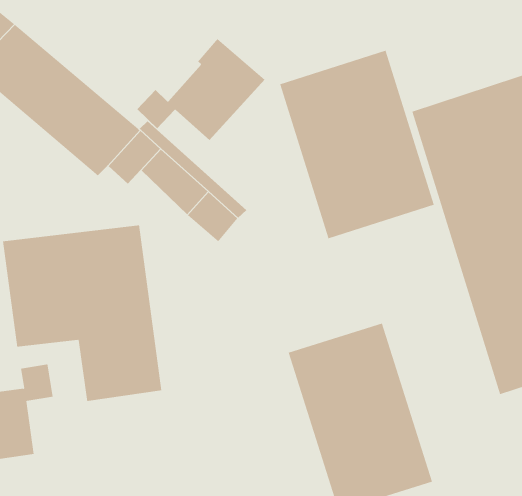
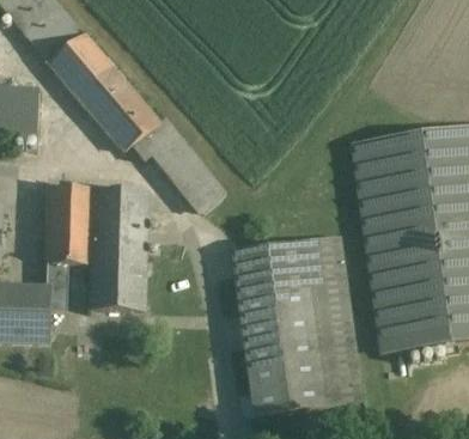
building: [136,38,265,141] -> none
building: [280,50,435,239] -> none
building: none -> [231,234,363,406]

